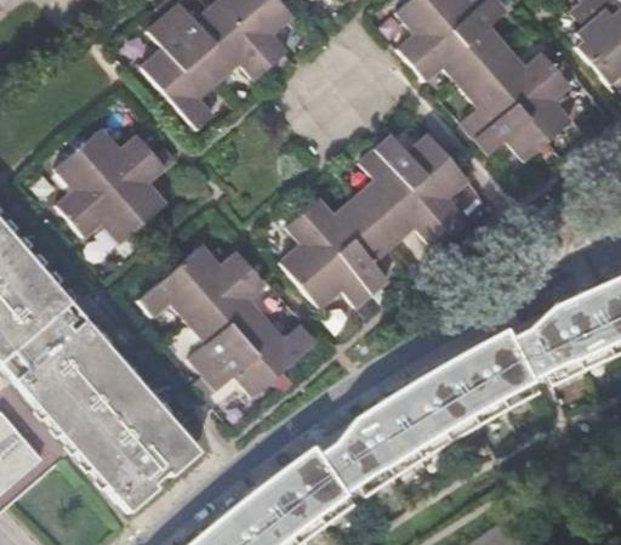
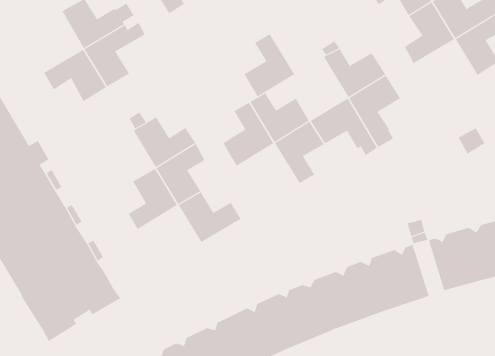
building: [474,102,547,158] -> none
building: [53,146,108,217] -> none
building: [352,147,409,220] -> [243,34,295,97]
building: [298,251,371,307] -> none
building: [137,265,210,320] -> none
building: [201,337,274,396] -> none

